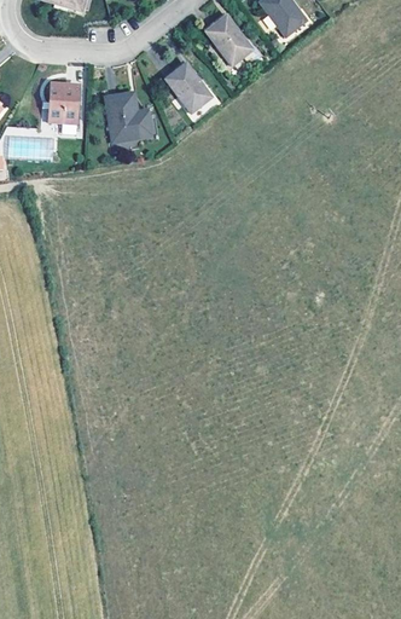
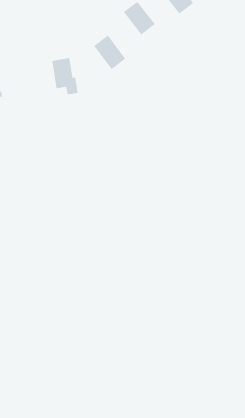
building: [48,82,80,123] -> none

